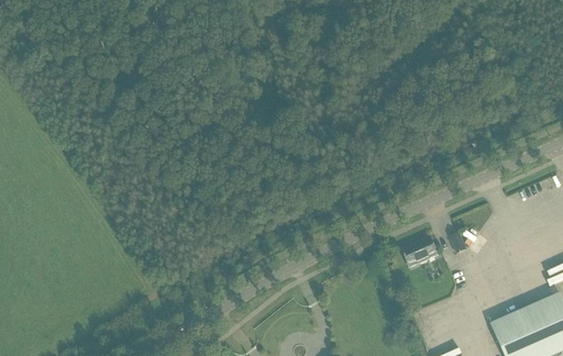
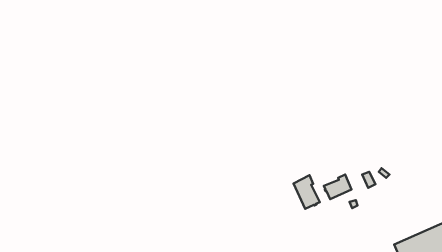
building: none -> [293,175,320,209]

